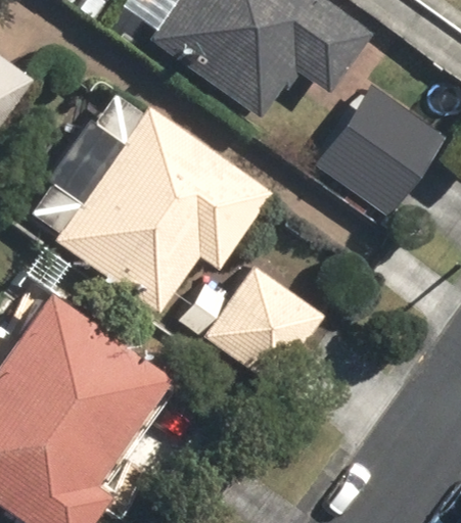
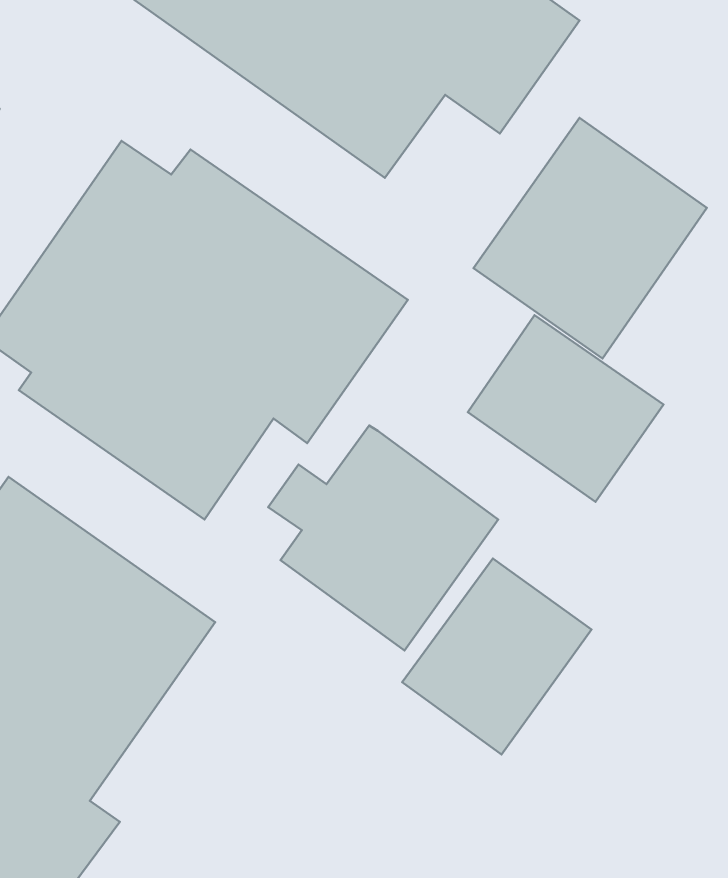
building: none -> [468,315,664,502]
building: none -> [402,559,591,754]

